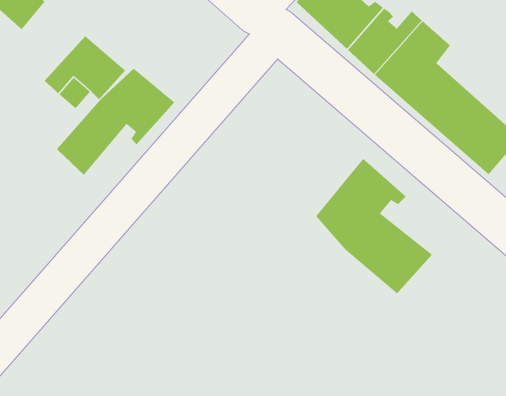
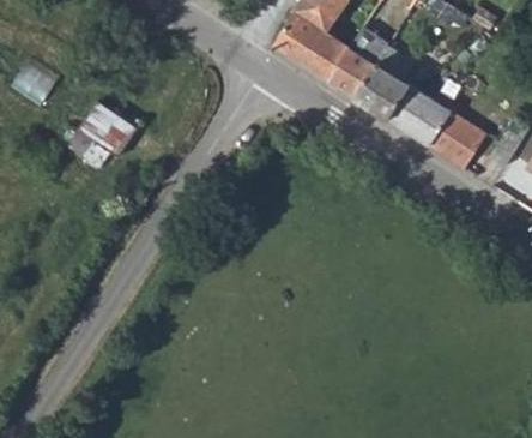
building: [56,68,175,176] -> none
building: [315,158,433,294] -> none

